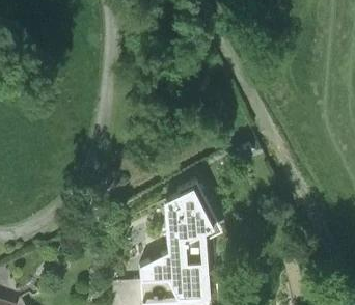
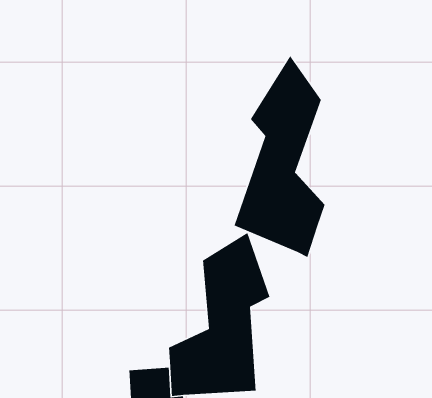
building: none -> [234,55,326,258]

